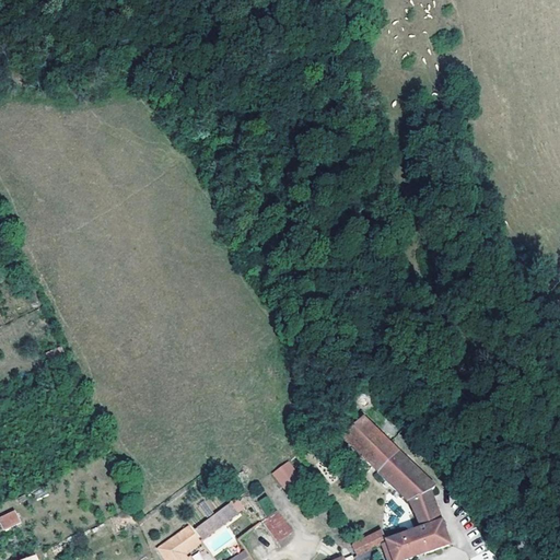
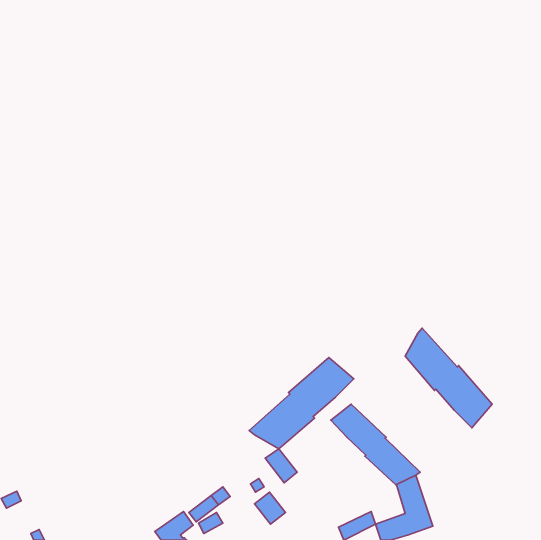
building: none -> [405,328,492,428]
building: none -> [249,357,354,449]

